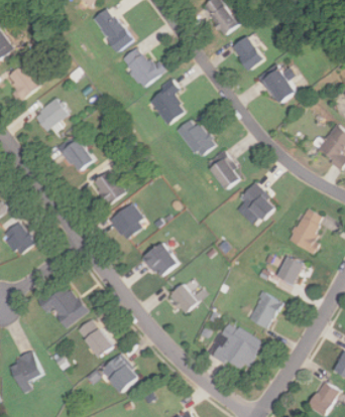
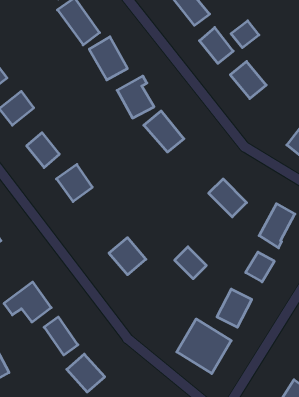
building: none -> [231,21,259,48]
building: [207,155,241,190] -> none
building: [109,202,147,240] -> none
building: [167,282,199,313] -> [175,247,206,279]

